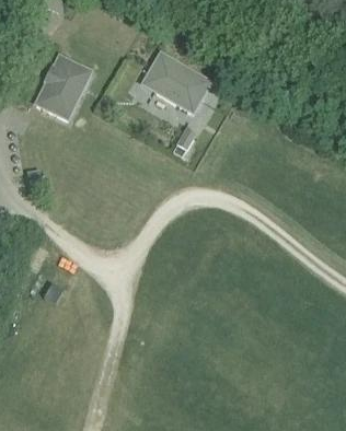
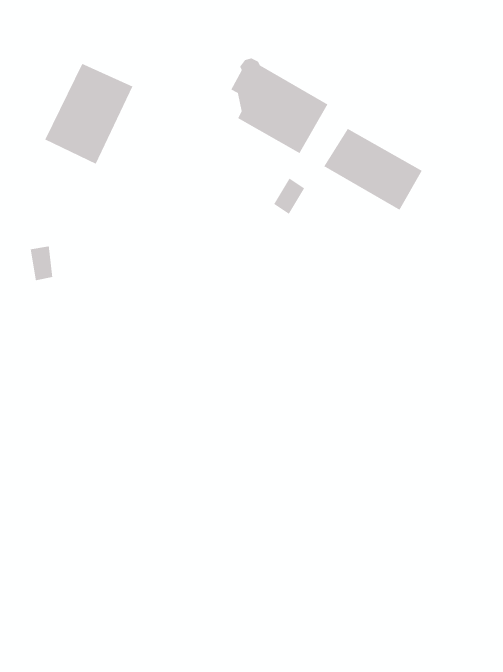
building: none -> [323,128,423,211]

